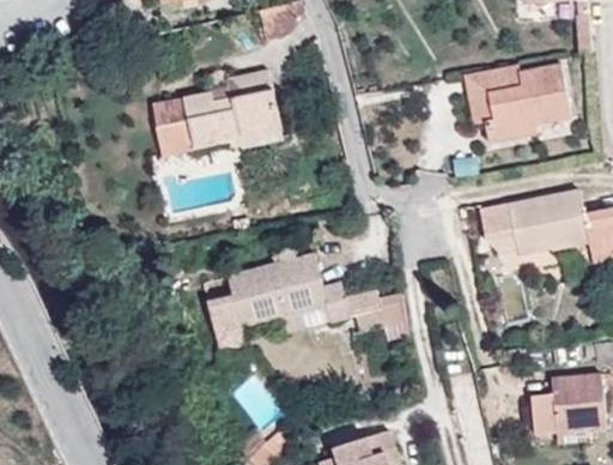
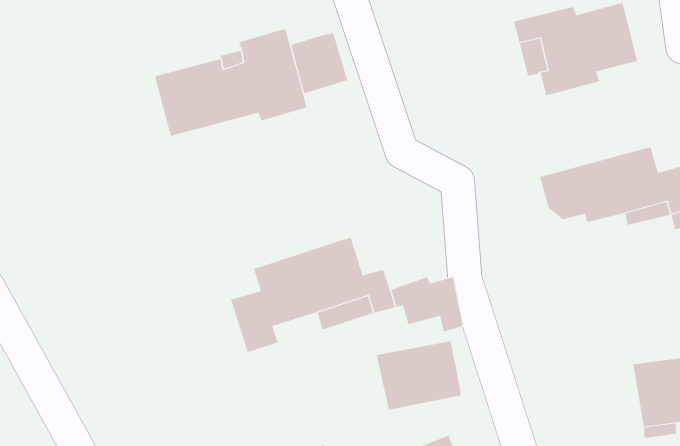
building: none -> [290,32,348,94]
building: none -> [376,341,461,410]

